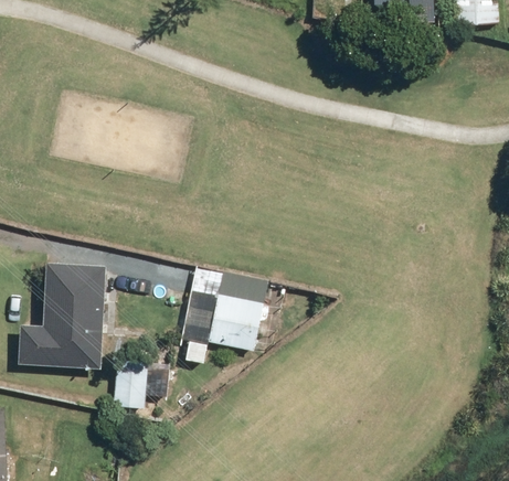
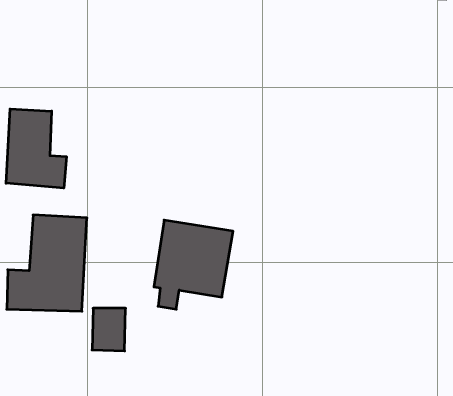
building: none -> [6,109,66,188]

